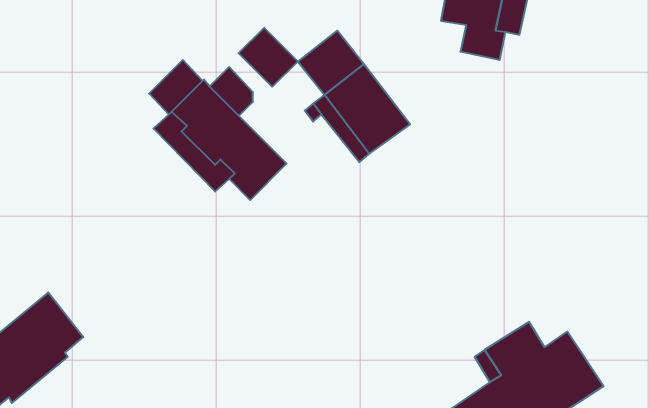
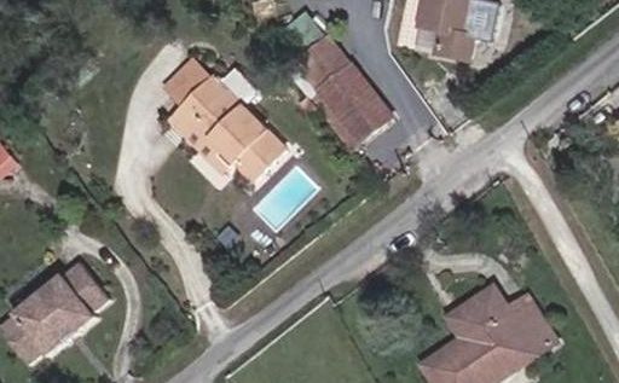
building: [239,28,298,87] -> none

